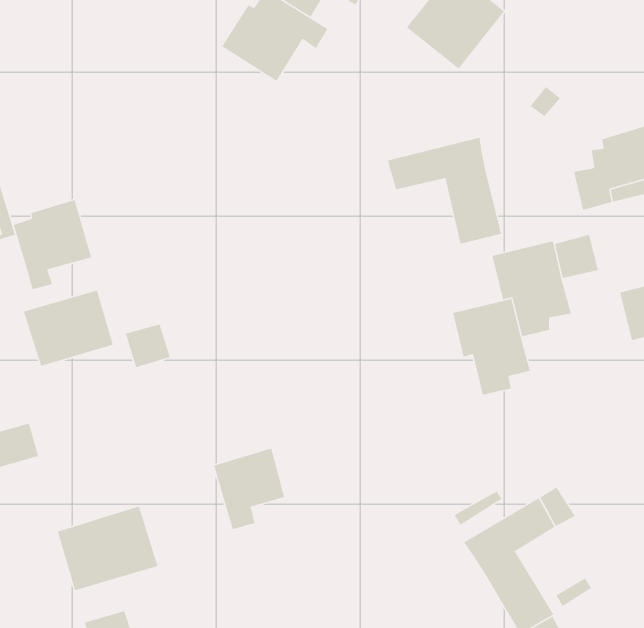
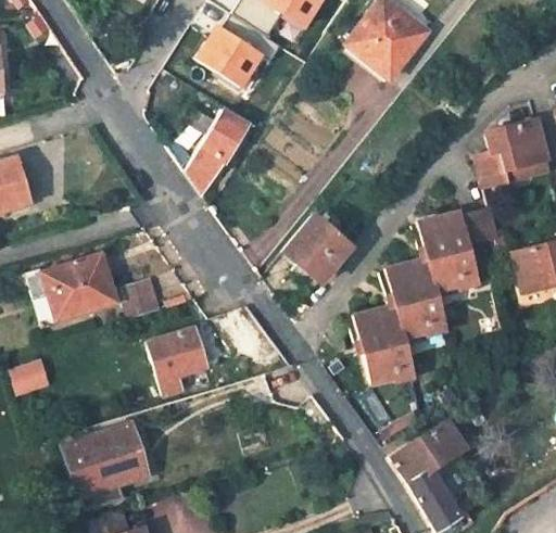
building: none -> [186,111,244,194]
building: [387,137,502,244] -> none
building: [13,199,92,290] -> none
building: none -> [282,215,349,281]
building: none -> [350,305,412,383]
building: [213,447,285,530] -> [146,326,203,392]

